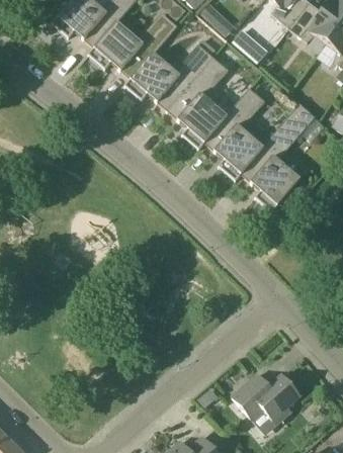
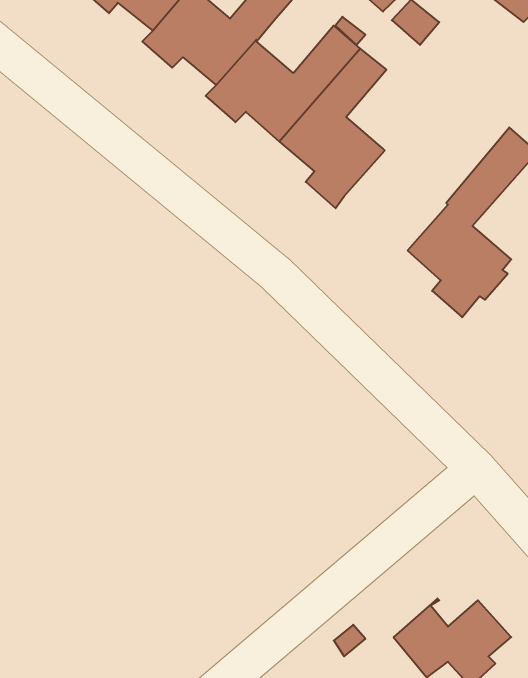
building: [204,86,265,179] -> none

